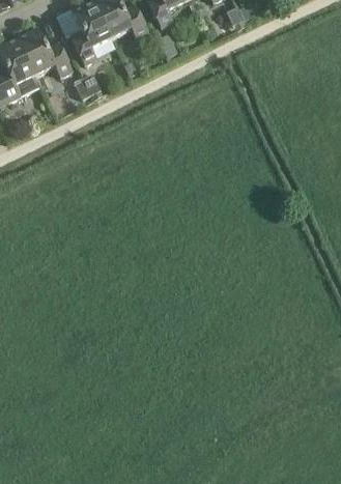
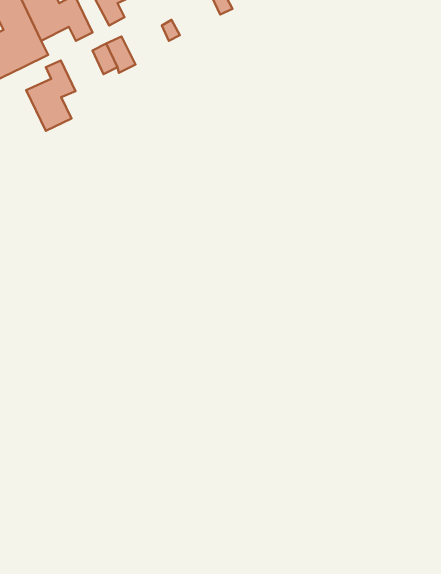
building: none -> [26,60,75,131]

